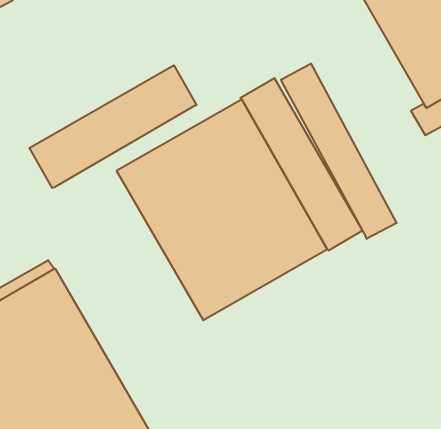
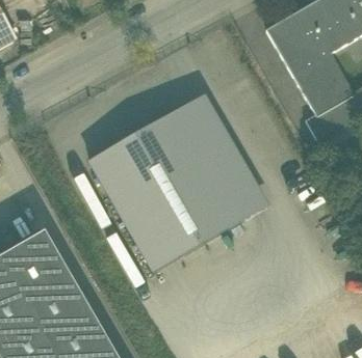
building: [281,64,397,239] -> none
building: [29,65,196,188] -> none

